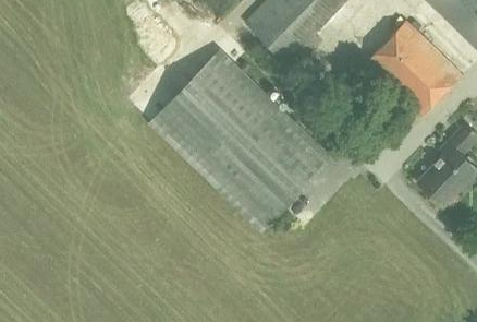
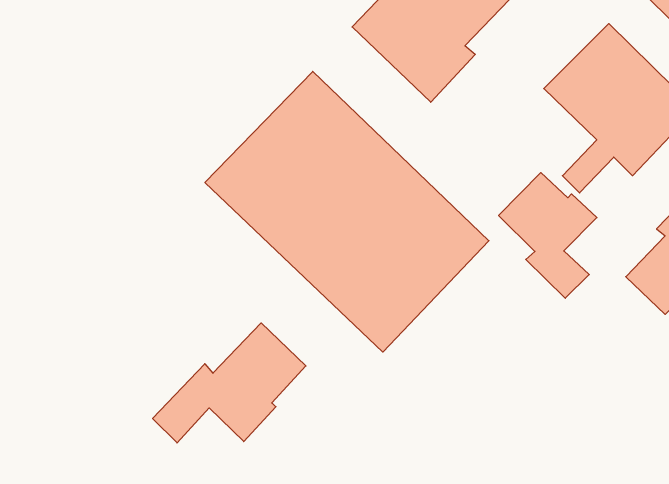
building: none -> [499,173,597,298]
building: none -> [153,323,306,443]

